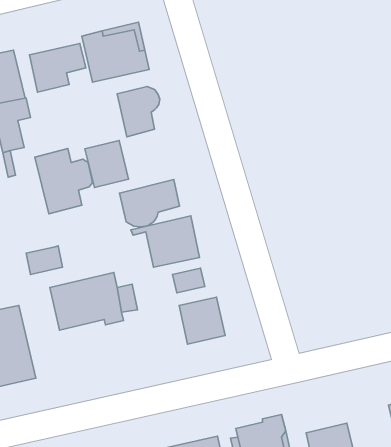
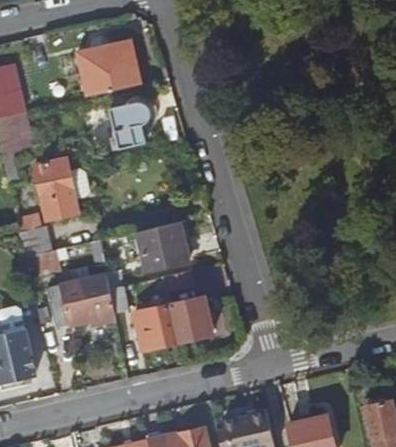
building: [30,43,86,92] -> none
building: [85,141,129,187] -> none
building: [120,180,180,227] -> none
building: none -> [16,216,52,257]
building: none -> [133,306,176,350]

